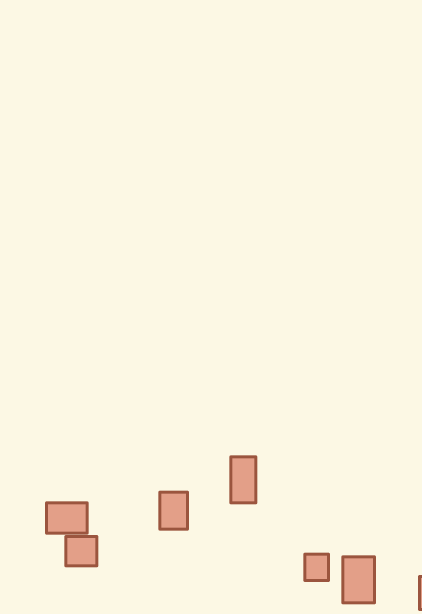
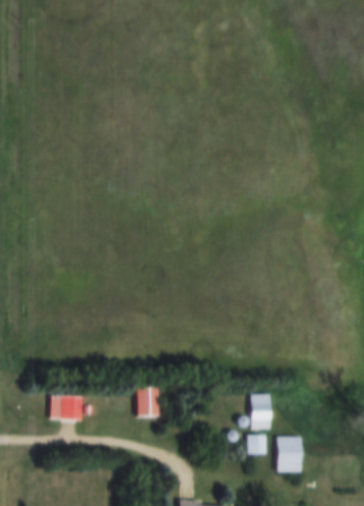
building: [231,457,256,503] -> [252,394,271,430]
building: [66,536,97,566] -> none

